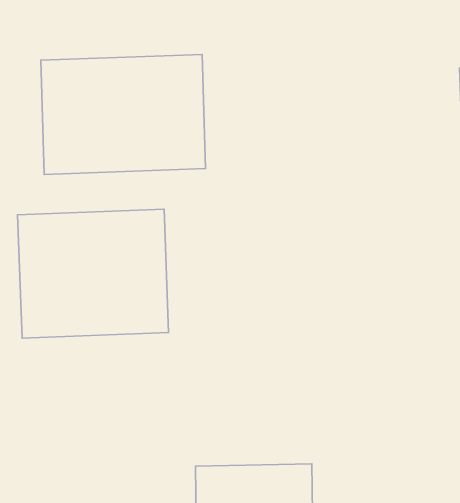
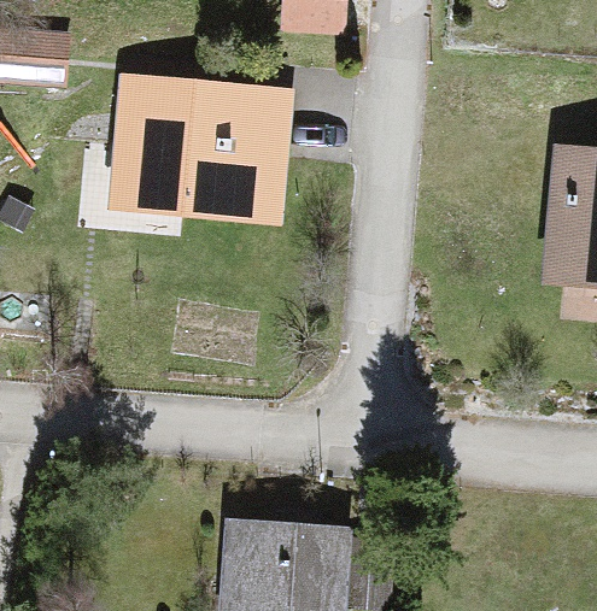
building: [18,209,169,338] -> none

